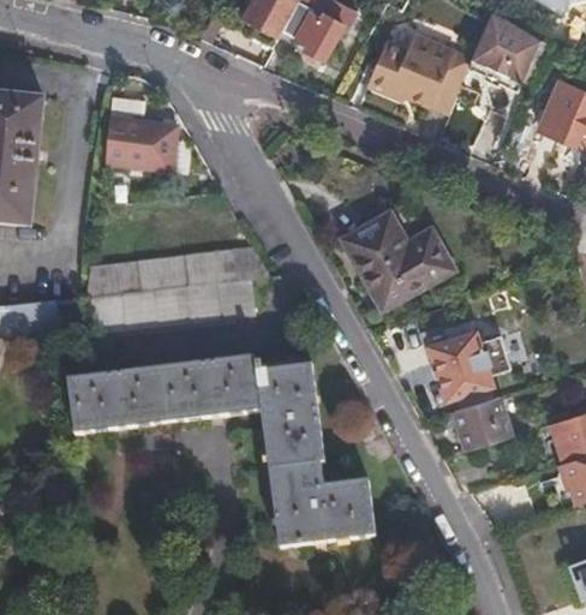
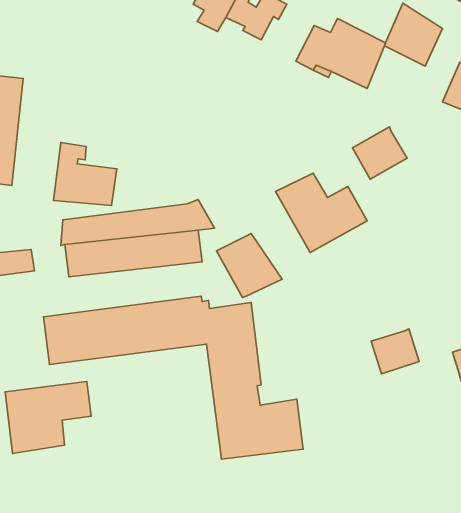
building: [103,94,178,168] -> [54,142,117,206]
building: none -> [353,127,407,179]
building: none -> [217,233,282,297]
building: [429,332,509,408] -> none
building: none -> [5,381,91,454]

